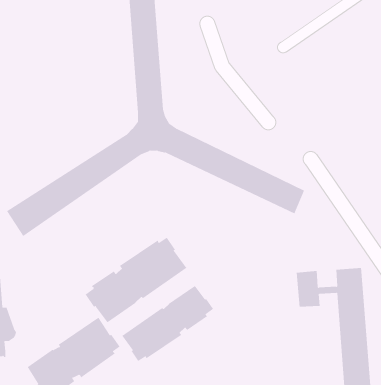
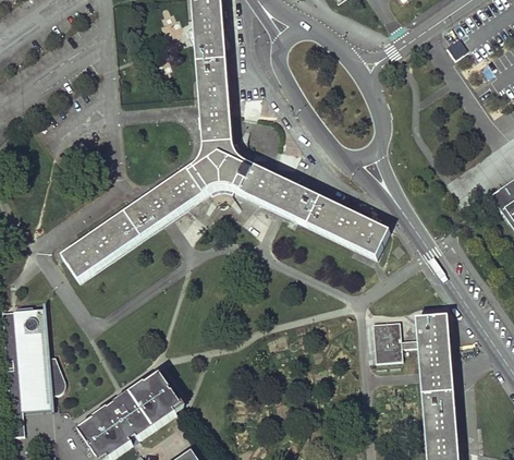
building: [85,237,187,323] -> none
building: [121,285,214,362] -> none

